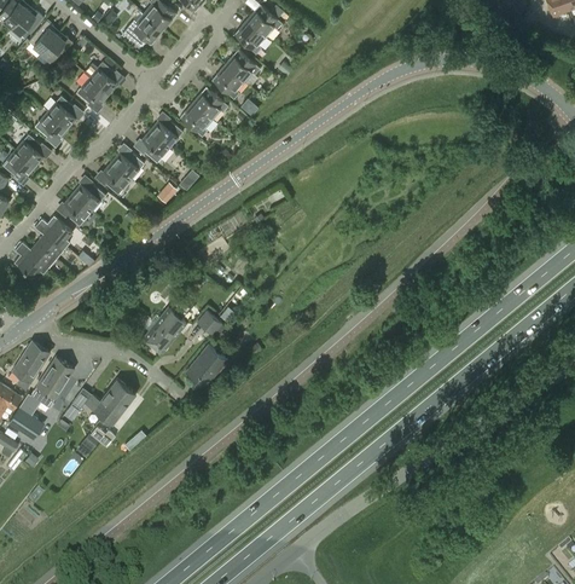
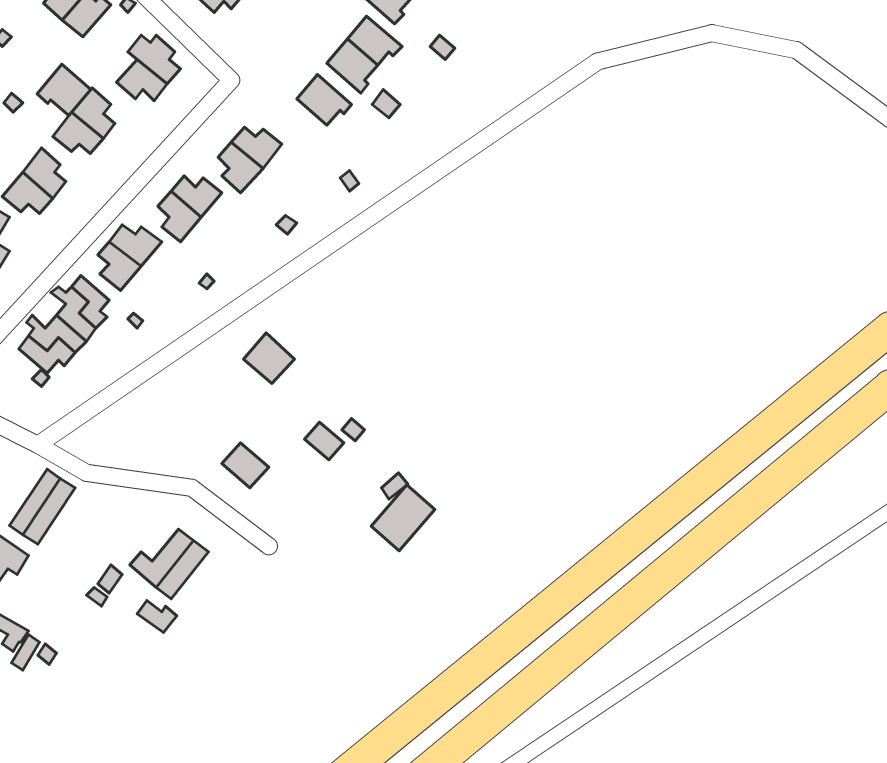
building: none -> [37,64,91,115]
building: [179,103,211,137] -> none
building: [156,307,188,340] -> [244,333,294,384]
building: [185,345,226,387] -> [371,485,435,551]
building: [7,357,74,439] -> none

